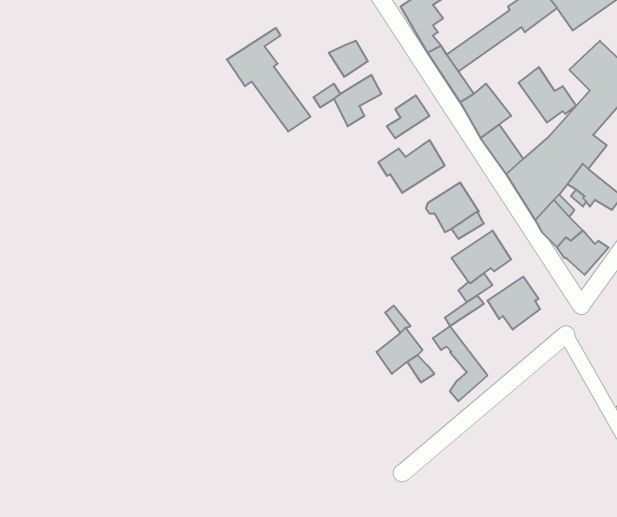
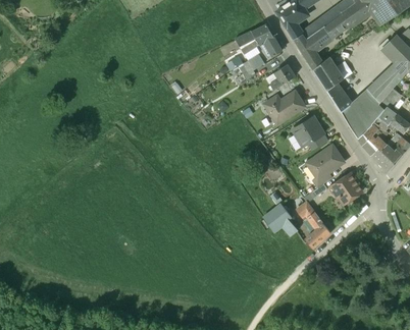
building: [227,28,310,132] -> none
building: none -> [251,24,281,59]
building: [518,67,576,123] -> none

